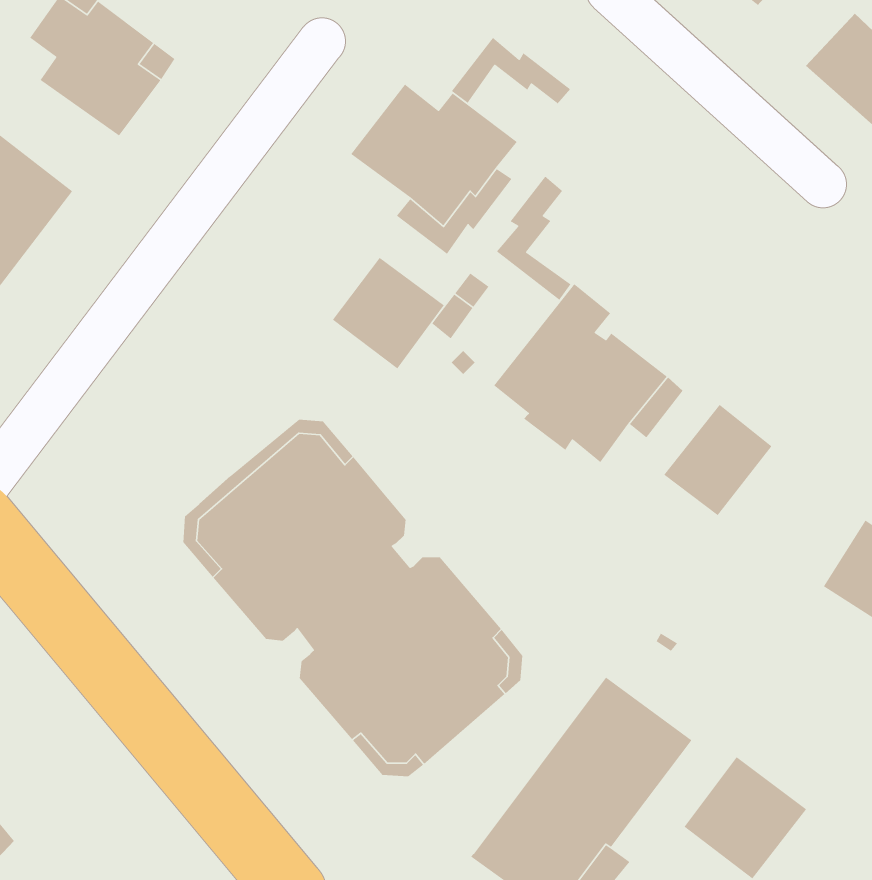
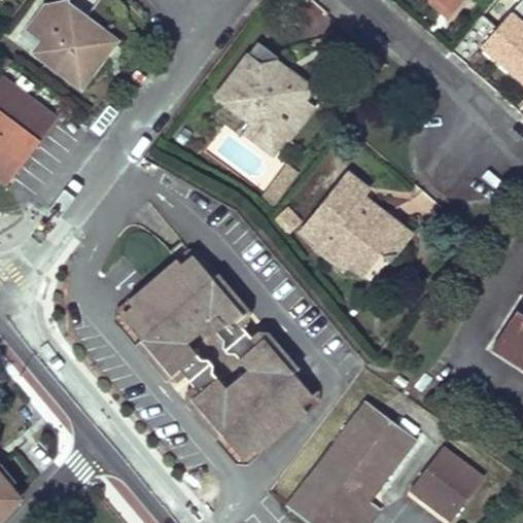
building: [451,37,571,105] -> none
building: [496,175,571,301] -> none
building: [332,257,445,370] -> none
building: [663,404,773,516] -> none

